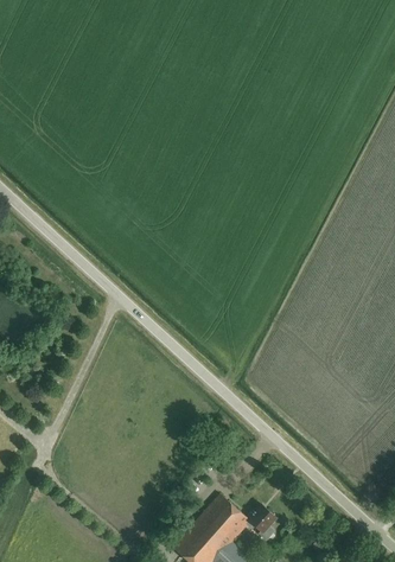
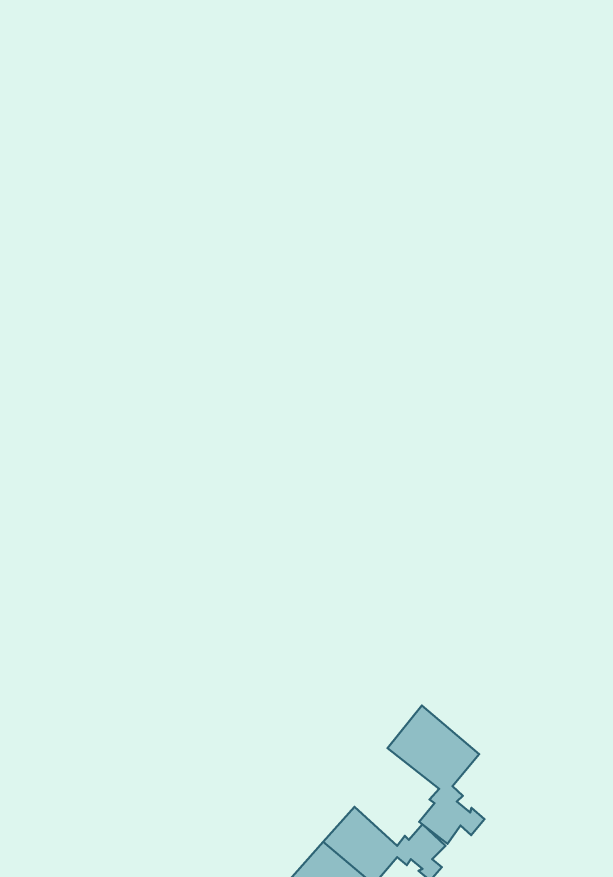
building: none -> [387,706,485,844]

